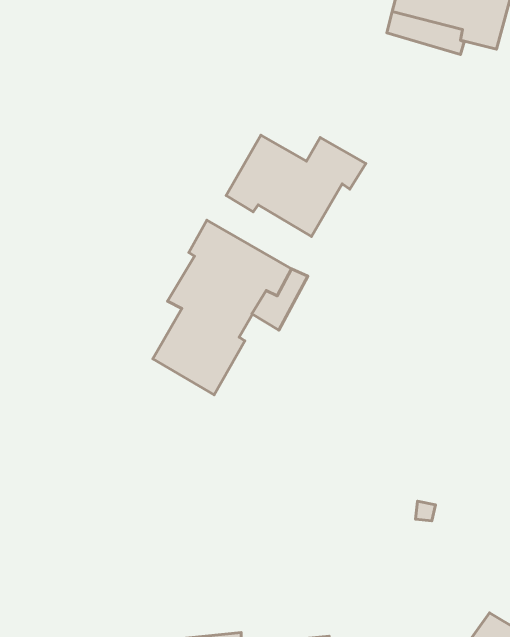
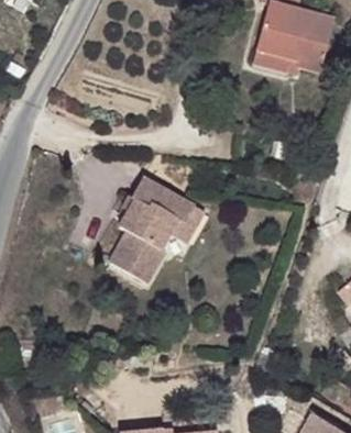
building: [226,135,366,236] -> none

